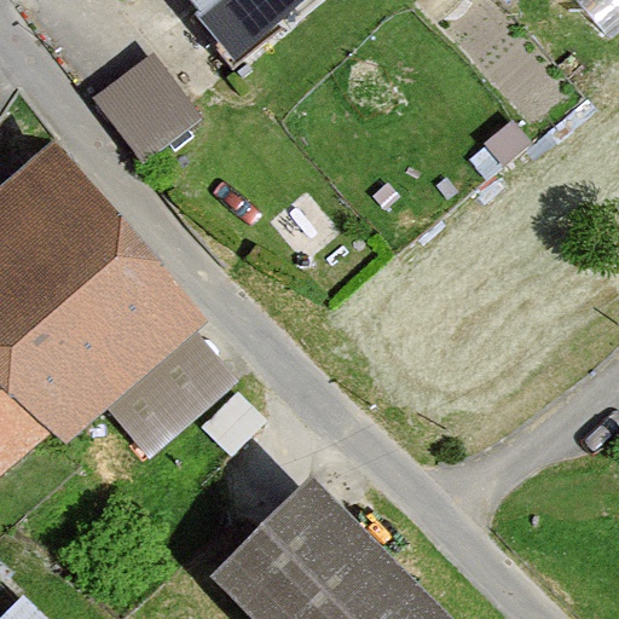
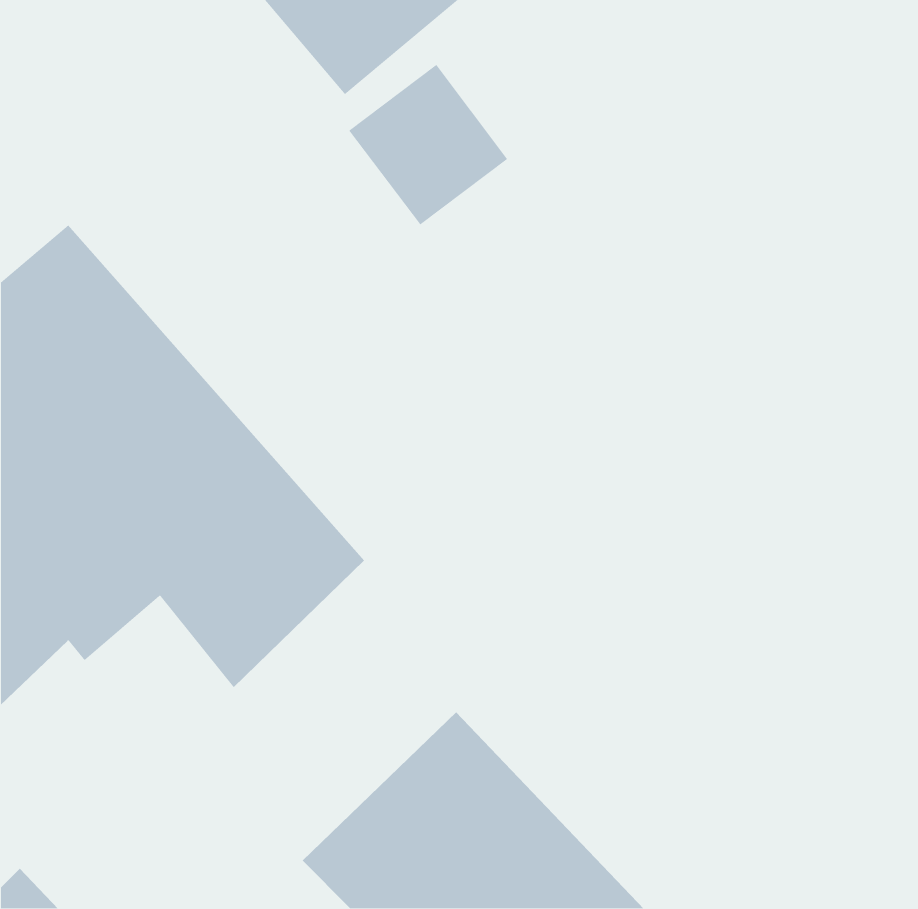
building: [102,36,209,145] -> [348,64,508,226]

